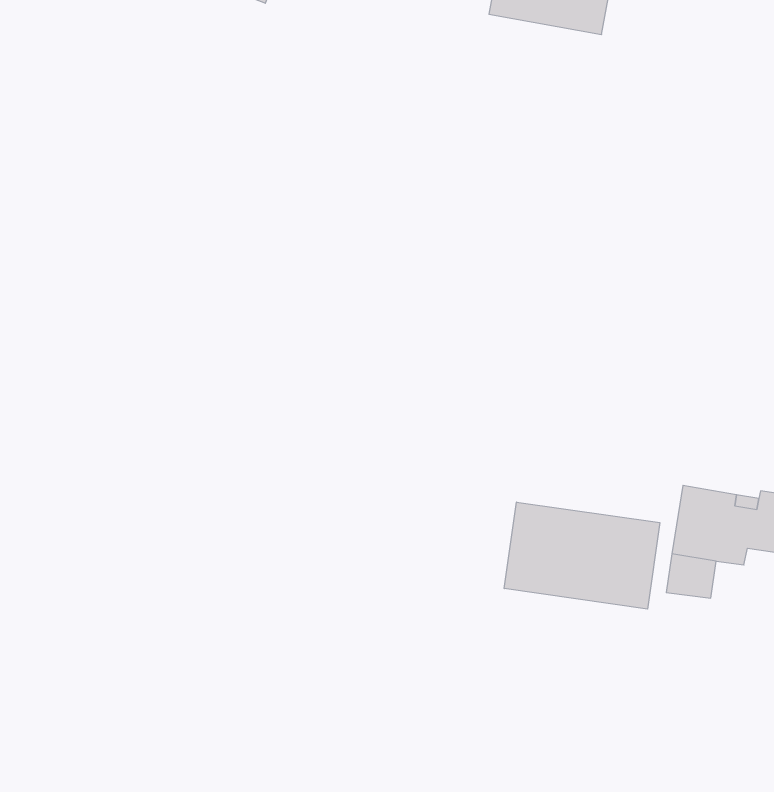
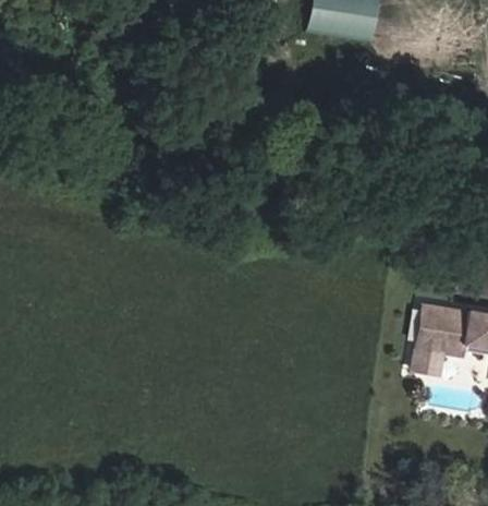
building: [504,502,660,609] -> none

